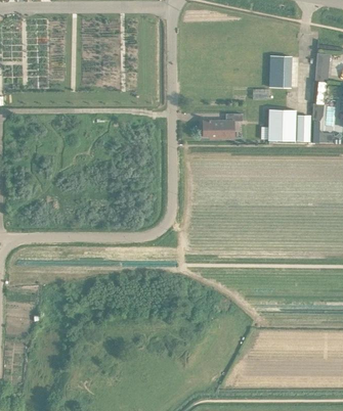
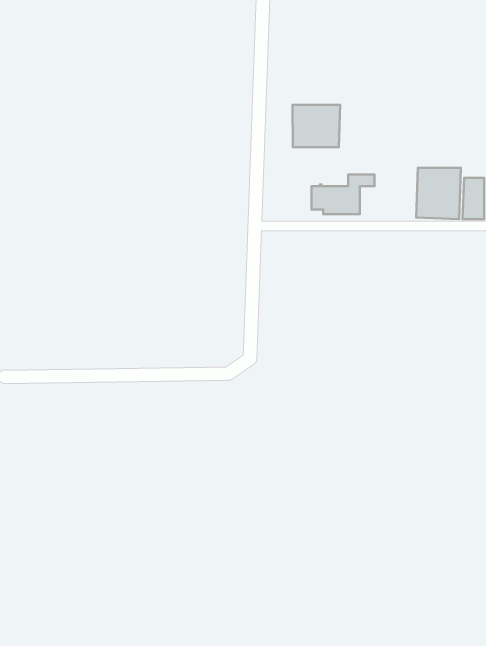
building: [268,56,290,87] -> none
building: none -> [293,105,340,147]

